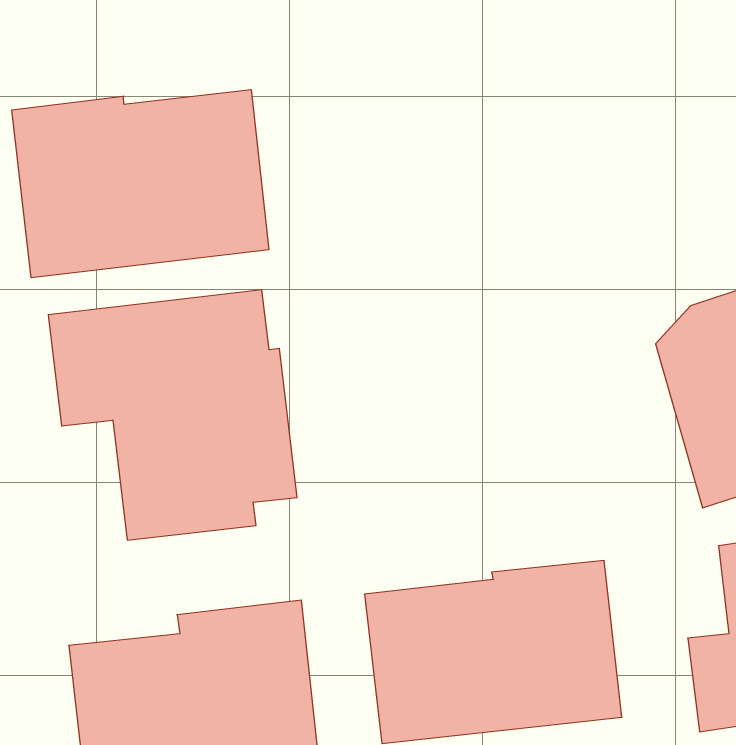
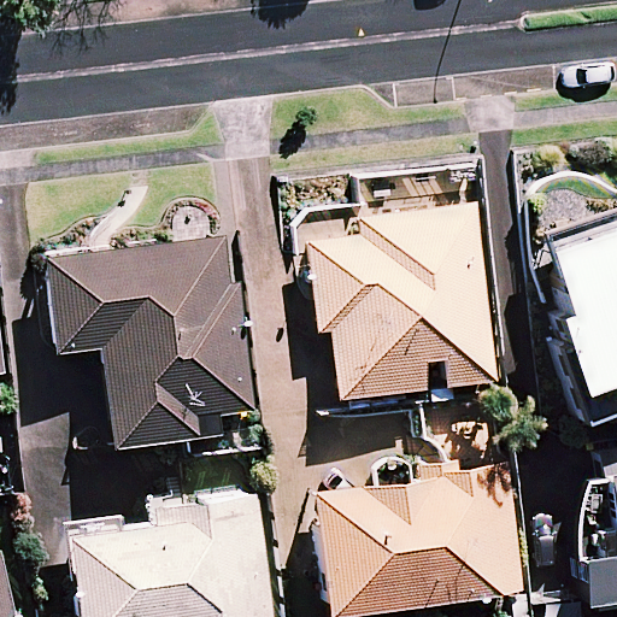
building: [12,90,269,278] -> none
building: none -> [310,207,495,399]

